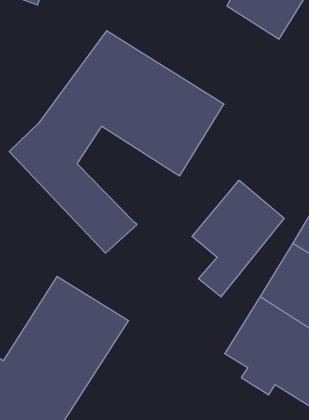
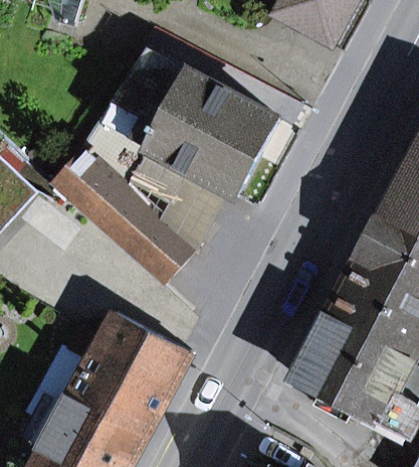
building: none -> [129,149,231,248]
building: [192,180,284,297] -> none

